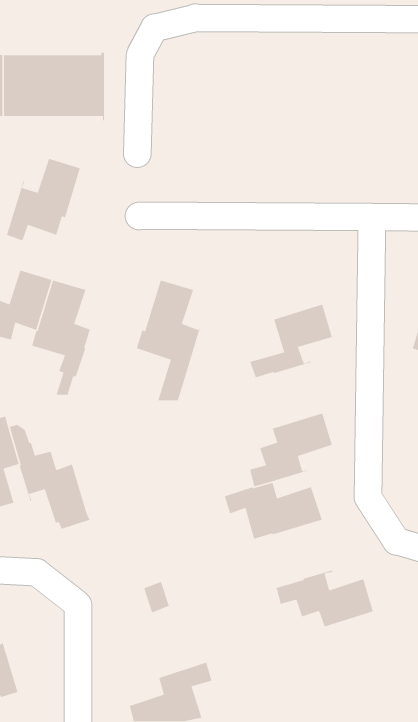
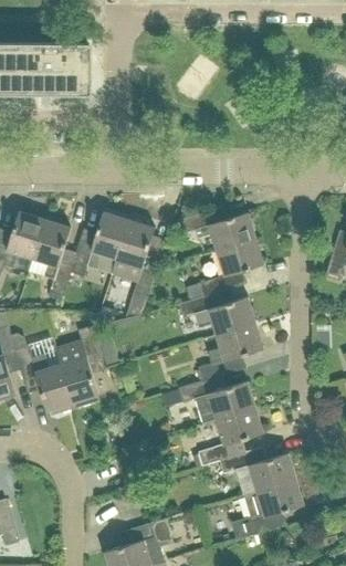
building: [6,158,81,241] -> [70,211,128,276]
building: none -> [179,206,255,250]
building: none -> [178,292,255,335]
building: none -> [56,325,105,407]
building: none -> [198,407,263,465]
building: none -> [238,479,304,537]

